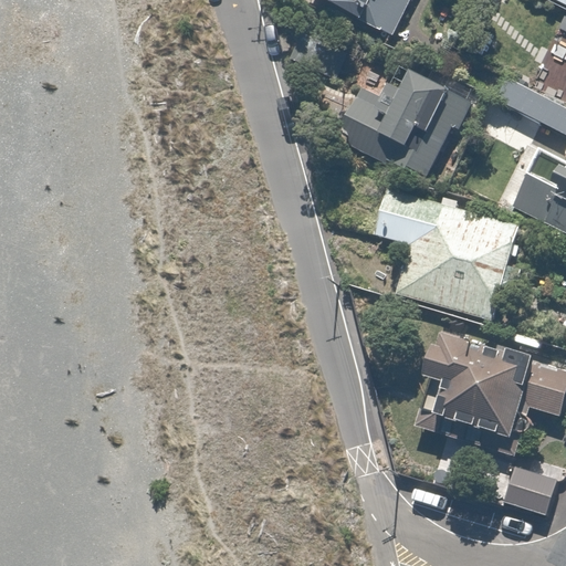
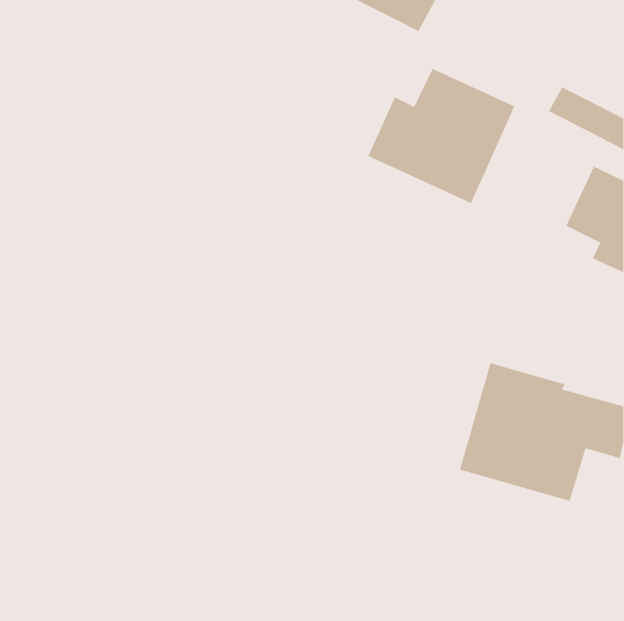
building: [375,187,520,319] -> none
building: [505,465,559,514] -> none

